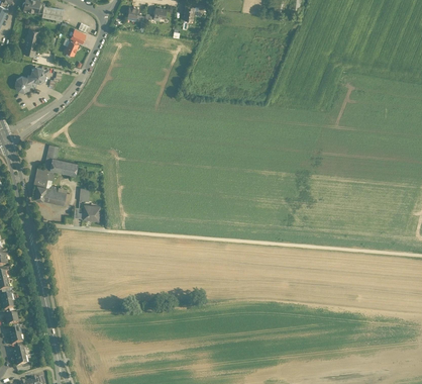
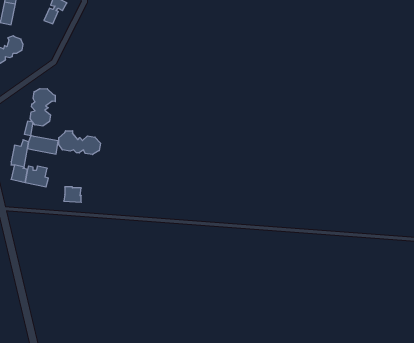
building: none -> [30,89,55,126]
building: none -> [59,131,100,155]

